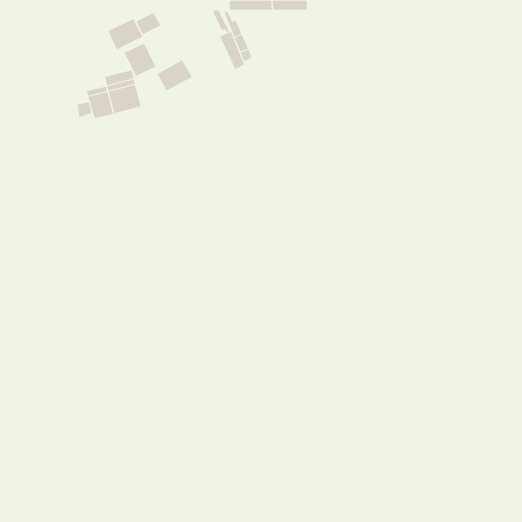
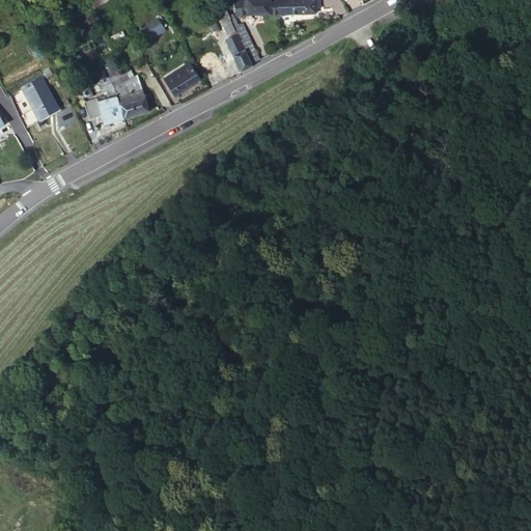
building: [108,18,143,50] -> none
building: [124,43,156,77] -> none
building: none -> [26,82,61,133]

